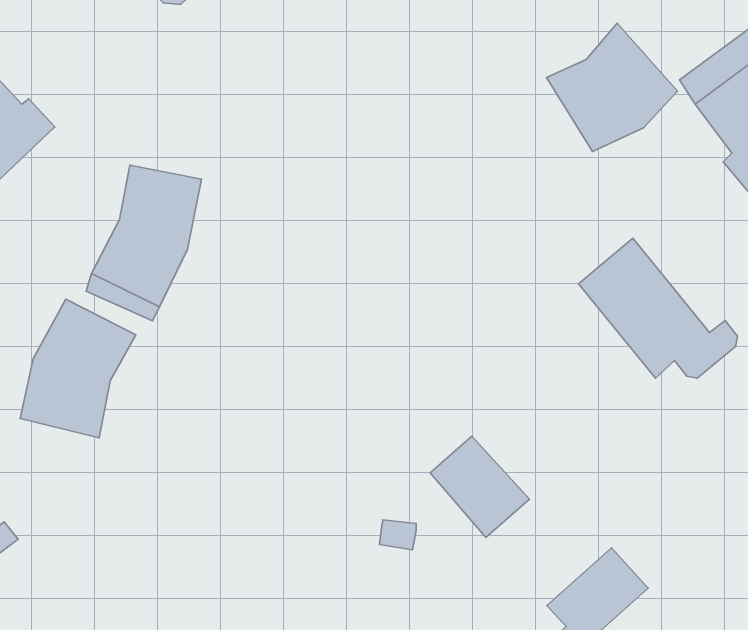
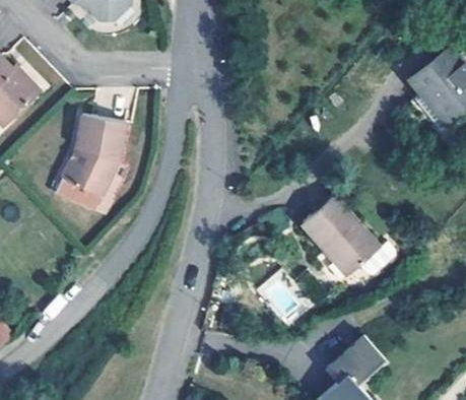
building: [547,23,677,151] -> none
building: [579,238,737,378] -> [305,198,397,279]
building: [20,299,136,438] -> none

